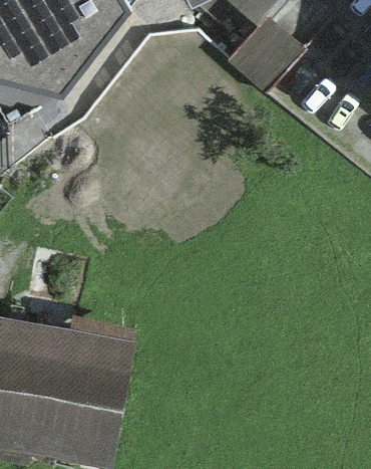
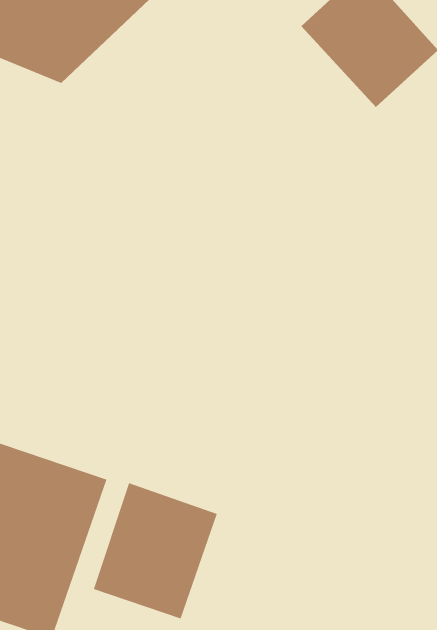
building: none -> [93,482,218,619]

